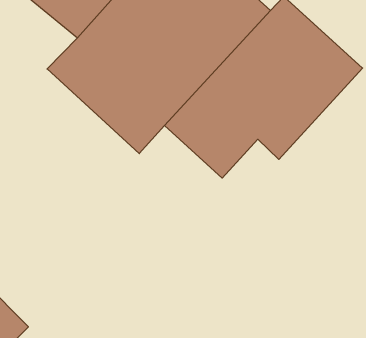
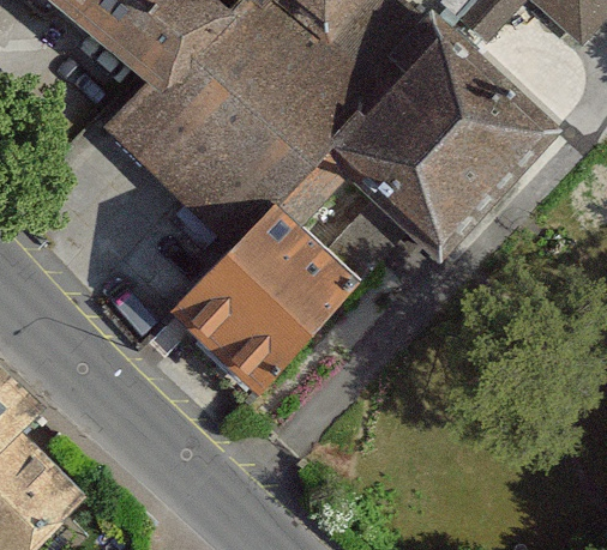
building: none -> [167,208,356,400]

